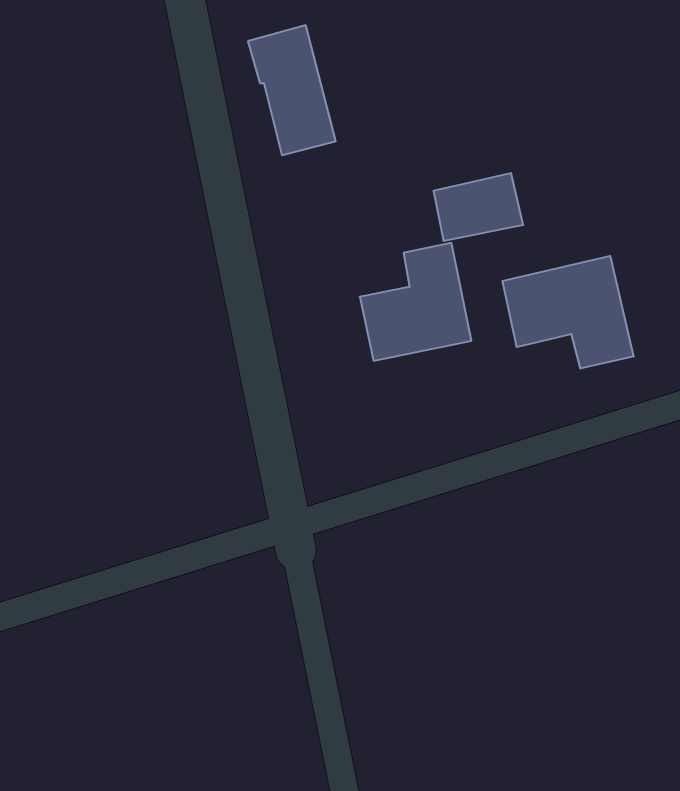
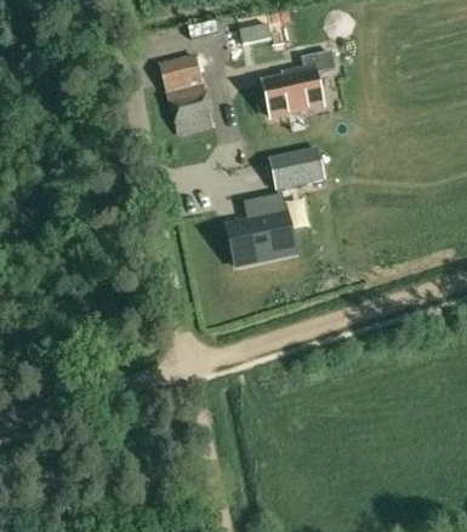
building: none -> [261,52,332,116]
building: [503,256,634,369] -> none

